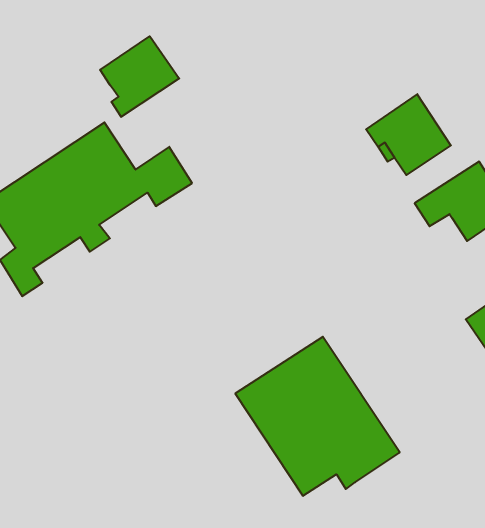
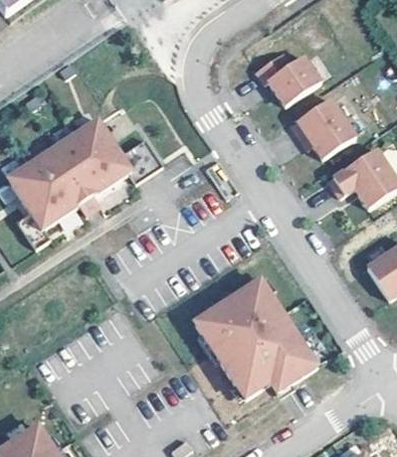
building: none -> [255,51,321,105]
building: [100,36,179,117] -> none

